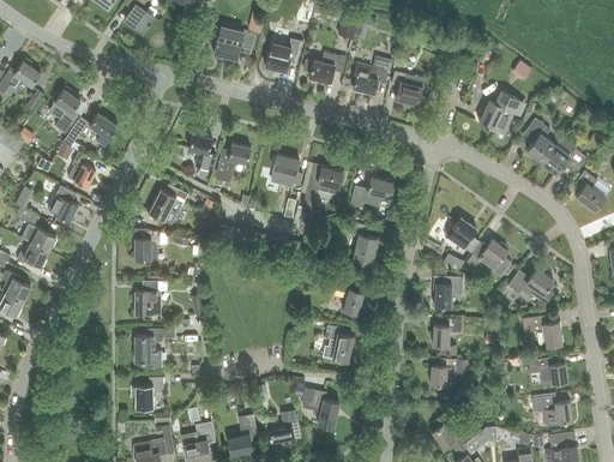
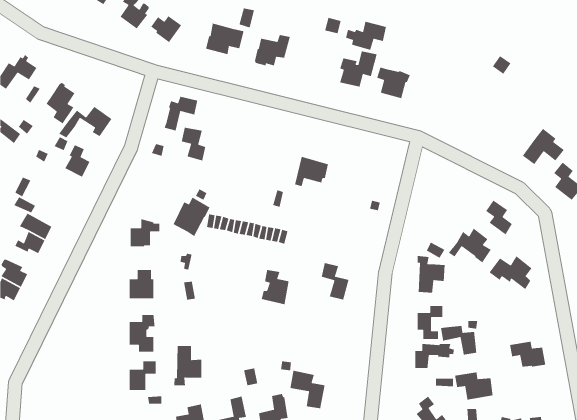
building: none -> [150,15,182,43]
building: [302,52,345,83] -> [345,21,387,51]
building: [478,92,525,134] -> none
building: [525,119,555,164] -> none
building: [215,144,251,181] -> [164,96,198,132]
building: [270,155,299,187] -> none
building: [350,178,393,208] -> none
building: [148,184,187,226] -> [172,197,211,237]
building: [48,185,77,221] -> none
building: [452,217,481,254] -> [485,200,513,235]
building: [349,223,378,264] -> none
building: [523,316,561,347] -> [440,325,477,355]
building: [321,325,351,362] -> [261,269,290,305]
building: none -> [173,345,202,386]
building: [531,395,572,425] -> [454,372,493,401]

